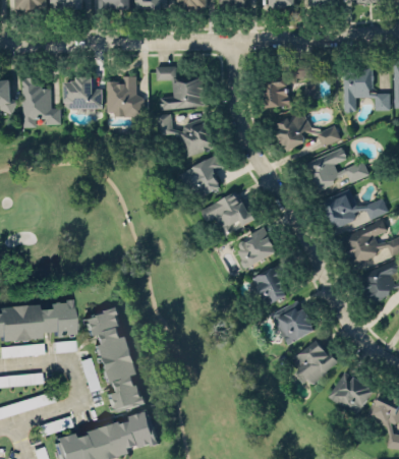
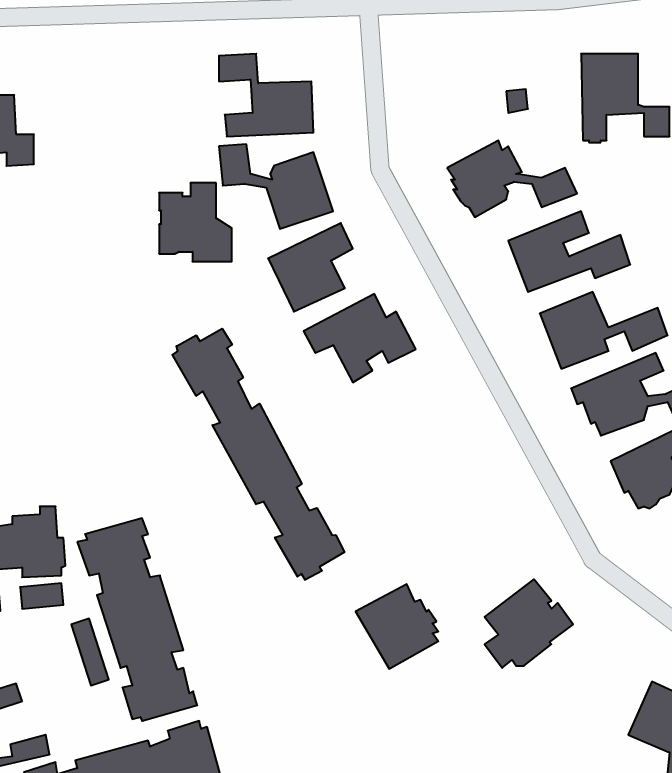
building: [265,63,311,108] -> none
building: [63,75,102,108] -> none
building: [106,75,144,116] -> [159,183,232,262]
building: none -> [172,329,344,580]
building: [238,226,277,267] -> none
building: [251,264,288,307] -> none
building: [271,300,313,344] -> [356,584,438,669]
building: [328,371,374,416] -> none

